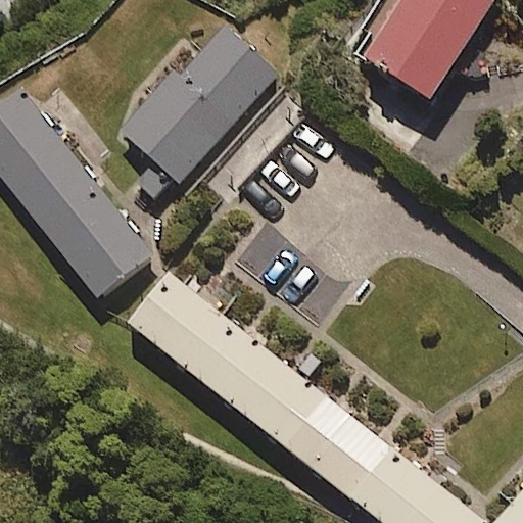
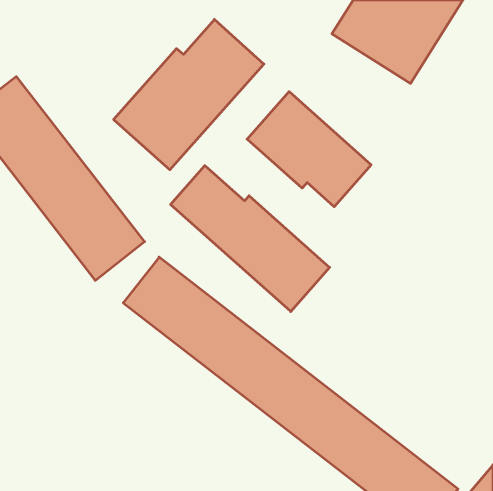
building: none -> [247,92,371,207]
building: none -> [171,166,330,312]

